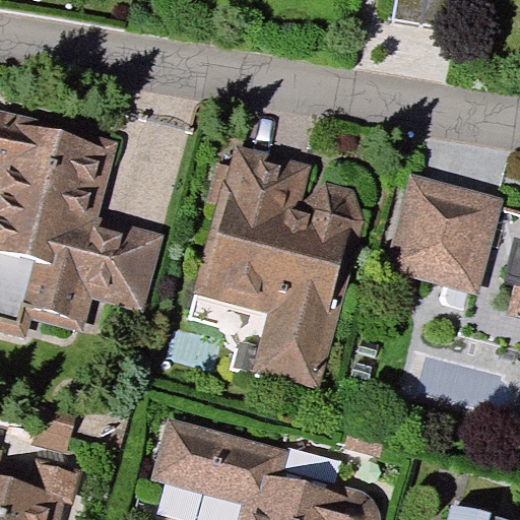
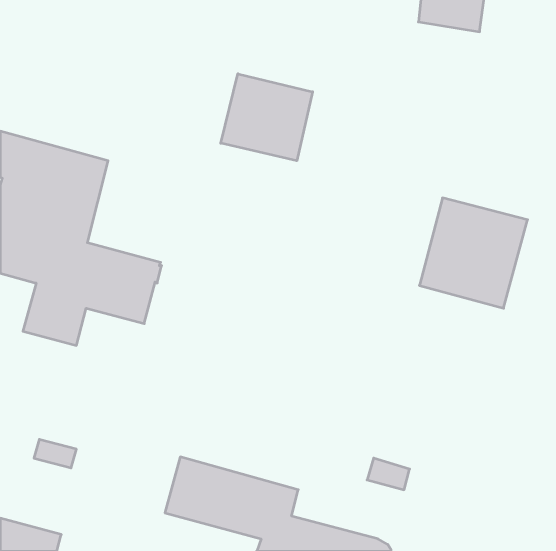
building: none -> [221,74,313,161]
building: [205,155,352,377] -> none

